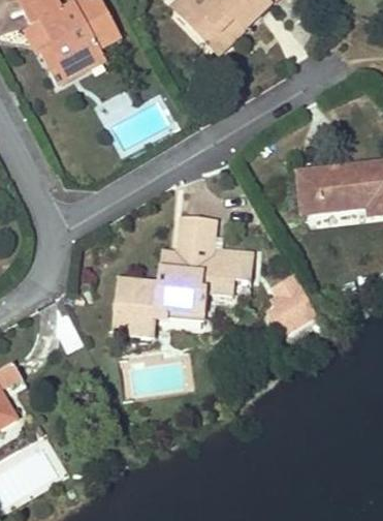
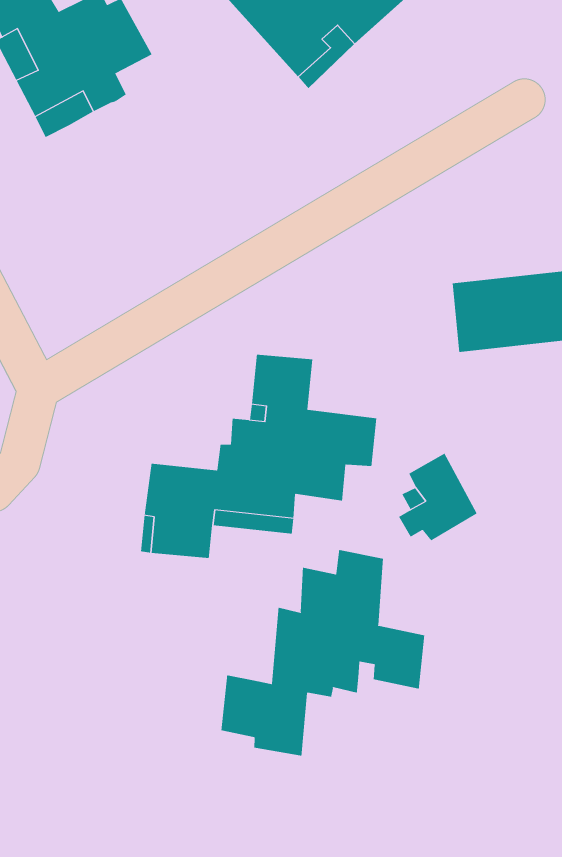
building: none -> [221,549,425,756]

